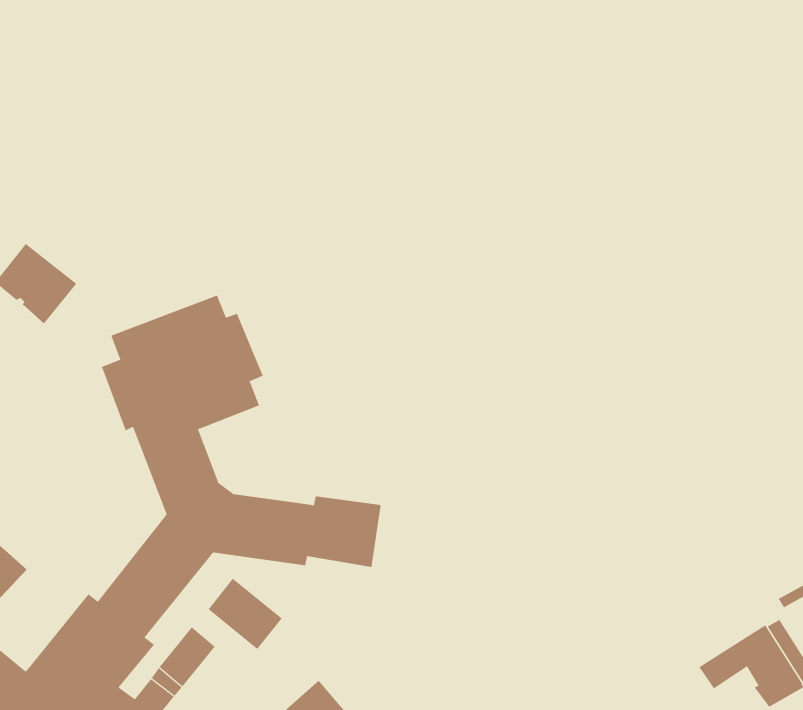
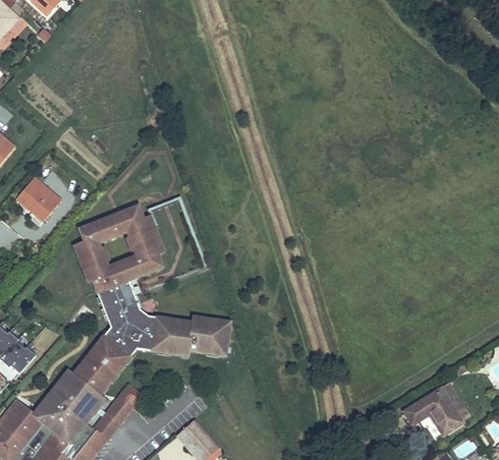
building: [208,578,282,650] -> none

